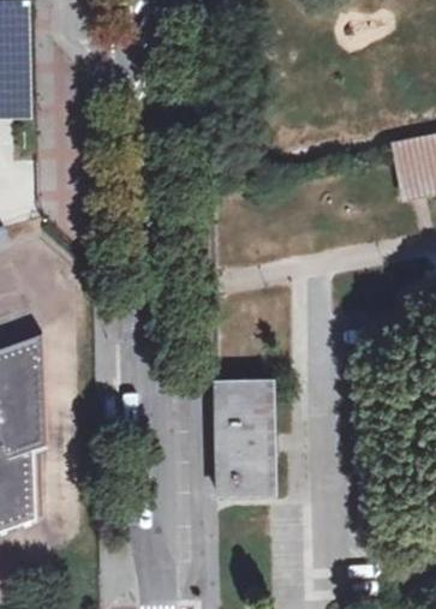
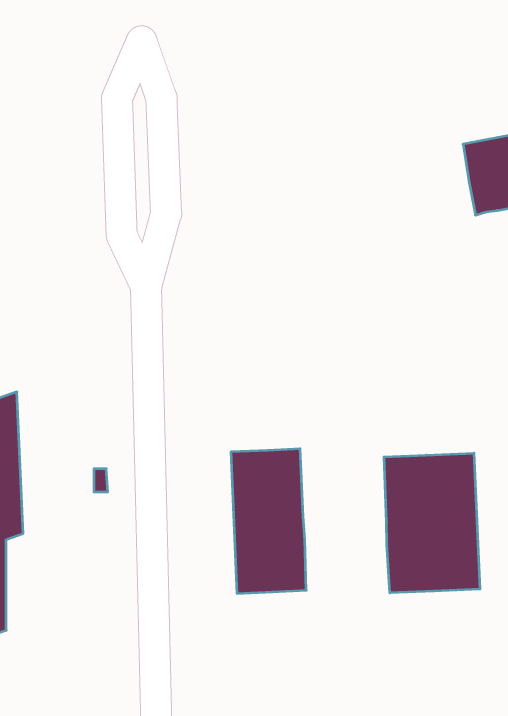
building: none -> [384,453,480,593]

